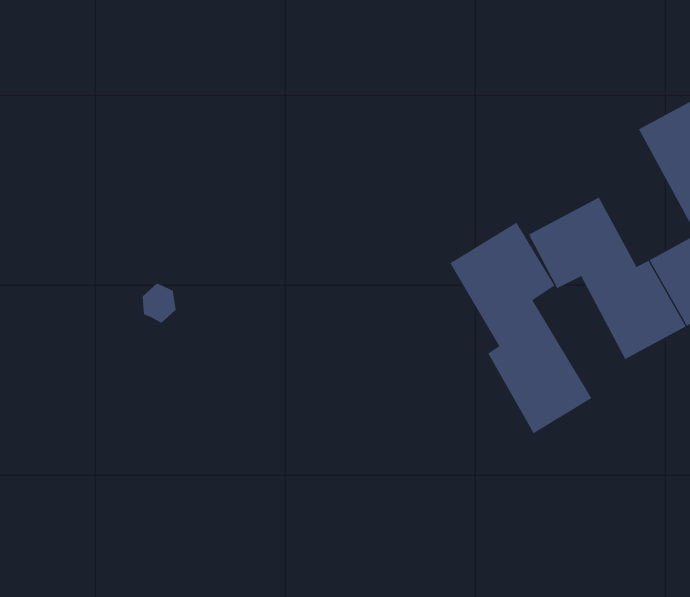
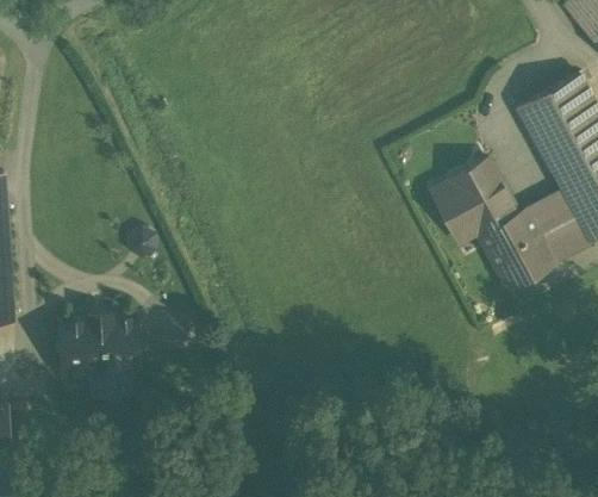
building: [450,222,592,434] -> none
building: none -> [60,317,137,391]

